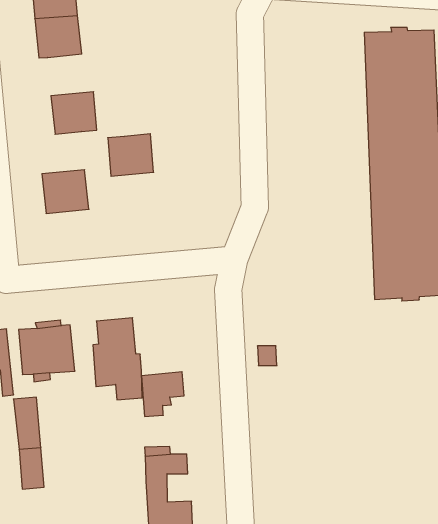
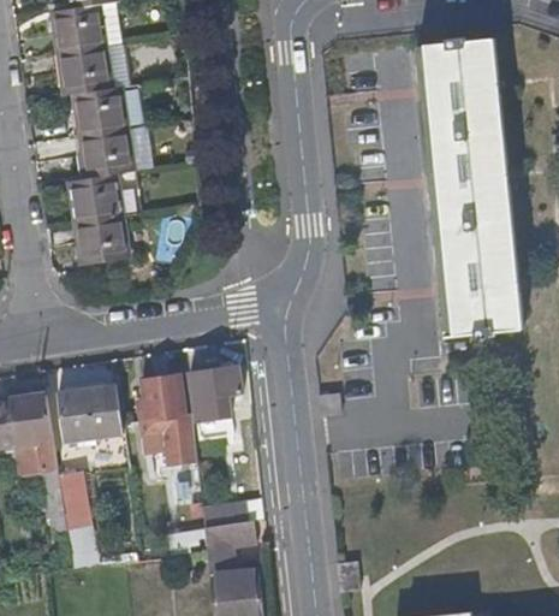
building: none -> [72,85,125,135]
building: [108,134,154,176] -> [67,172,120,221]
building: [142,372,184,416] -> [192,366,240,417]

